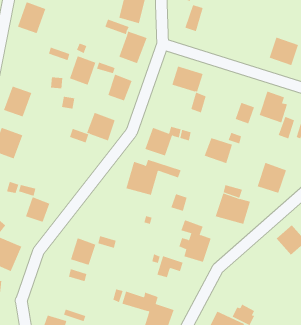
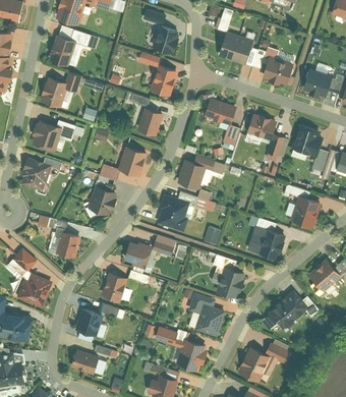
building: none -> [229,39,250,67]
building: none -> [262,57,292,84]
building: [69,55,96,86] -> [41,75,68,106]
building: [204,138,233,164] -> [246,114,276,140]
building: none -> [89,186,116,215]
building: none -> [124,235,175,268]
building: none -> [262,290,319,329]
building: none -> [194,303,225,336]
building: none -> [74,307,102,336]

